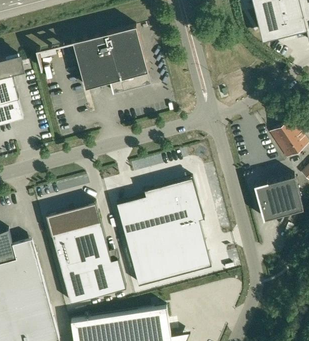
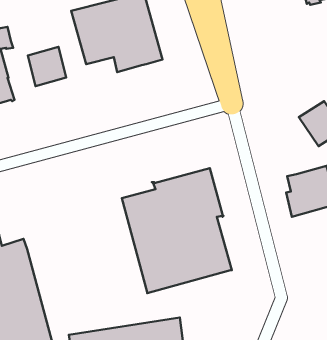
building: none -> [28,47,66,86]
building: [46,203,125,304] -> none

